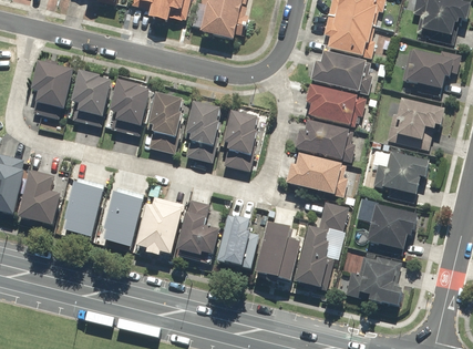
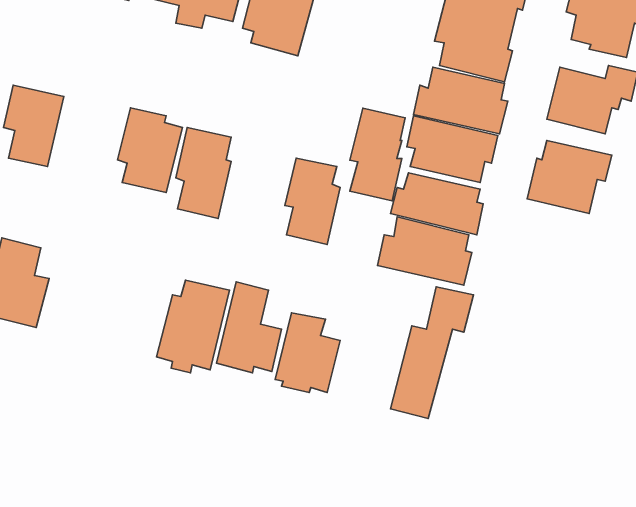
building: [70,66,111,124] -> none
building: [184,97,222,161] -> [350,108,405,201]
building: [371,146,429,199] -> none
building: [60,182,103,238] -> none
building: [100,192,143,247] -> none
building: [366,203,417,249] -> none
building: [253,218,300,283] -> none
building: [346,252,403,306] -> none

